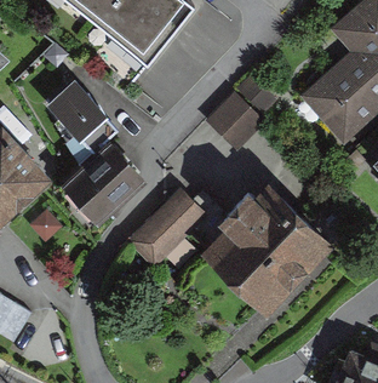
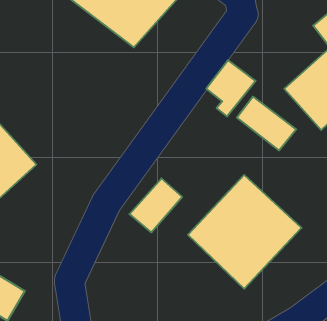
building: [51,88,116,154] -> none
building: none -> [237,97,296,150]
building: [65,149,137,221] -> none

